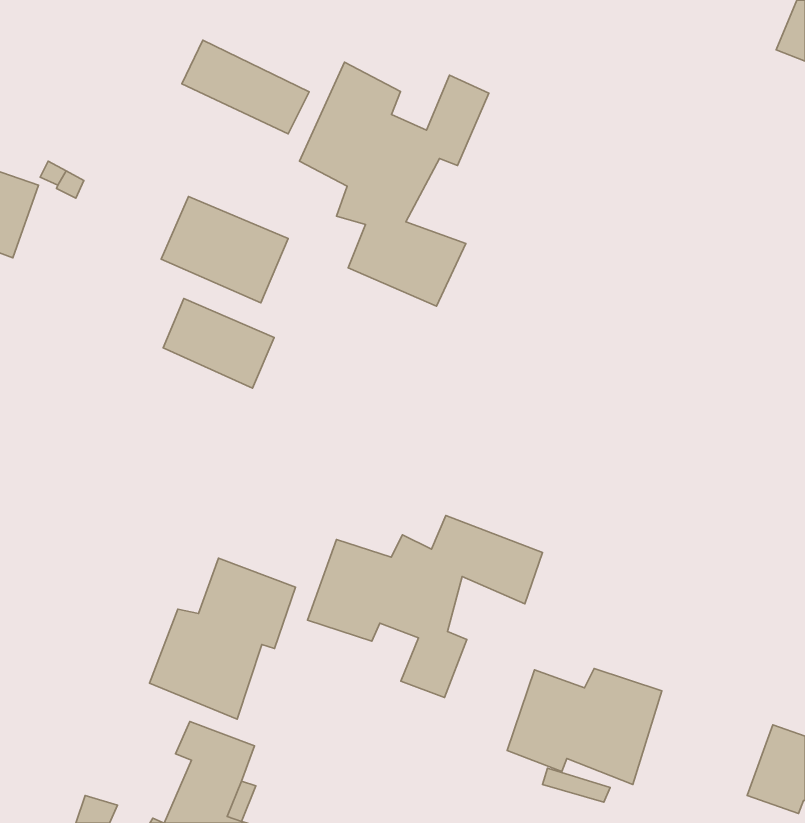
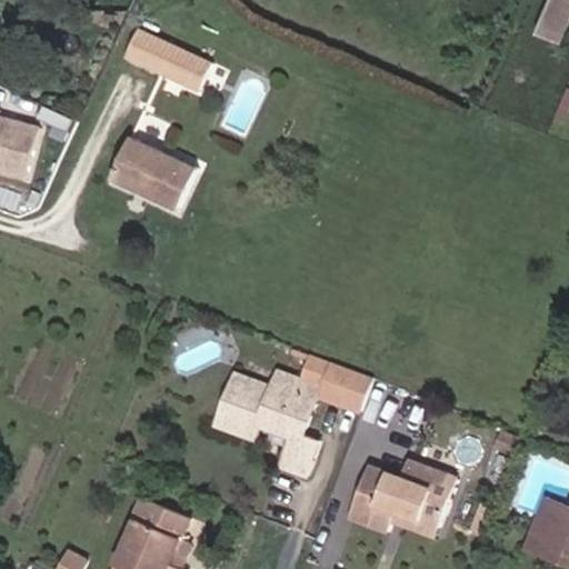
building: [300,62,489,306] -> none
building: [163,299,274,388] -> none
building: [149,558,296,719] -> none

